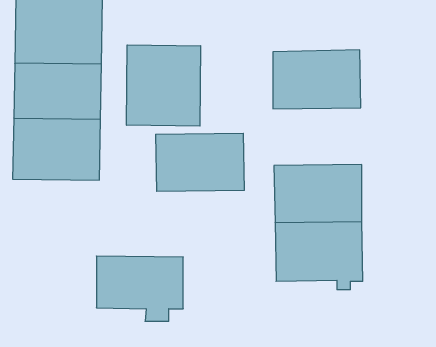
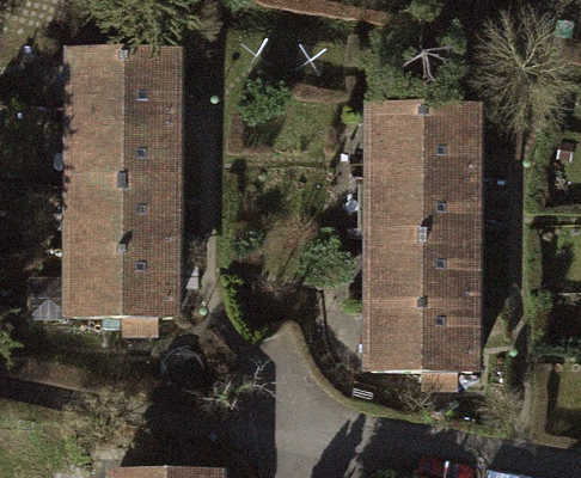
building: [127,45,201,126] -> none
building: [156,133,244,191] -> [371,170,473,237]
building: [96,256,183,321] -> [69,252,170,327]

